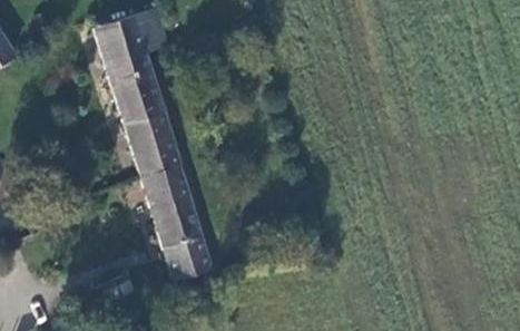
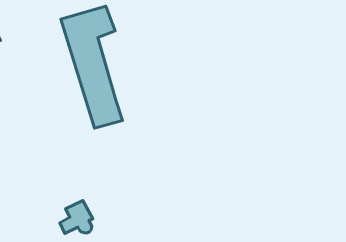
building: [141,165,212,280] -> none

